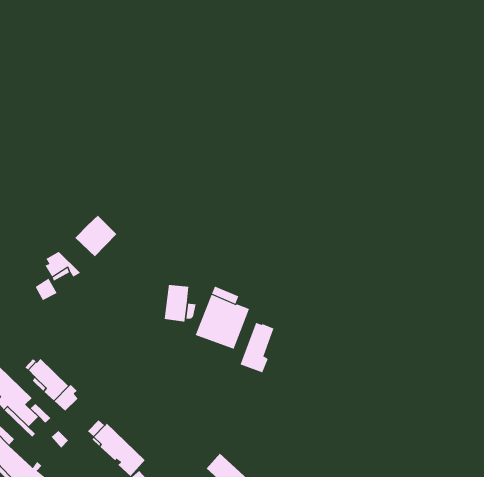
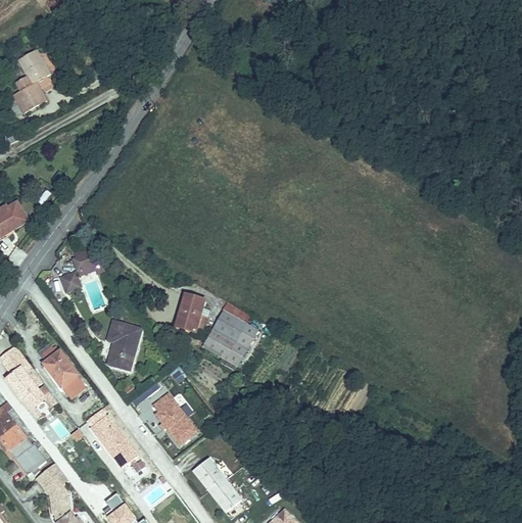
building: [75,215,117,257] -> none
building: [240,322,274,373] -> none
building: none -> [108,321,141,369]
building: none -> [153,393,196,443]

